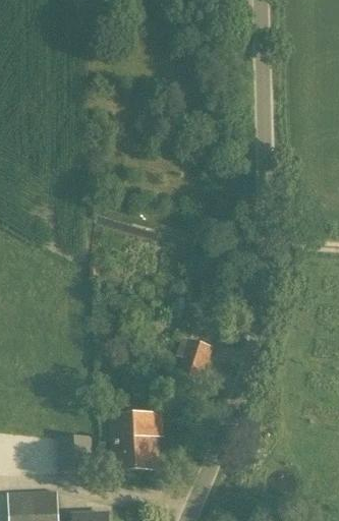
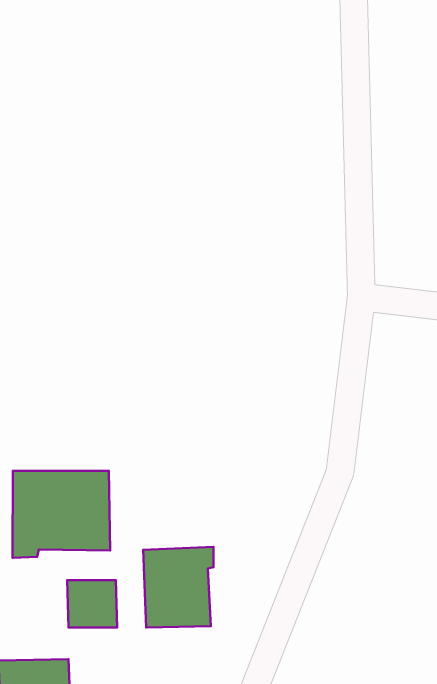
building: [178,345,212,383] -> none
building: none -> [12,471,110,558]

